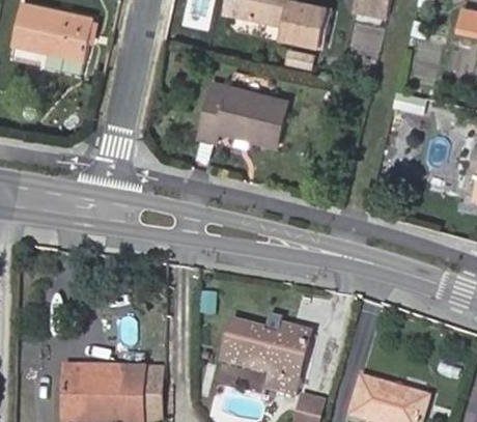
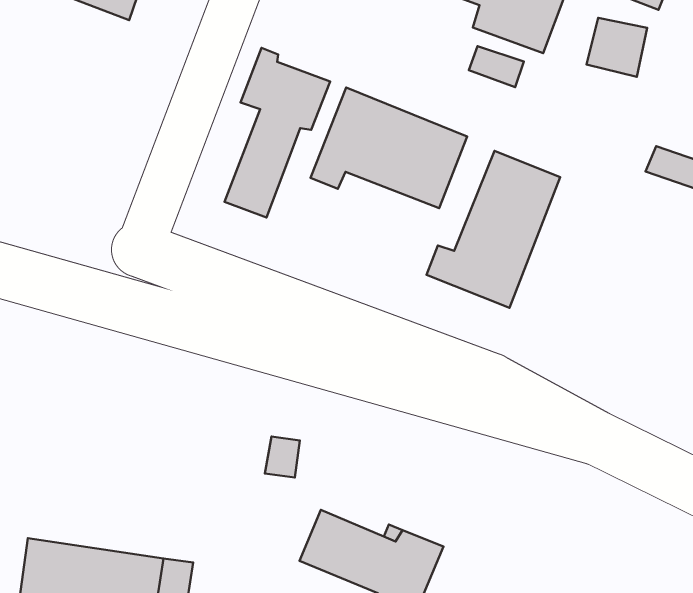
building: none -> [224,48,330,217]
building: none -> [426,151,560,308]

